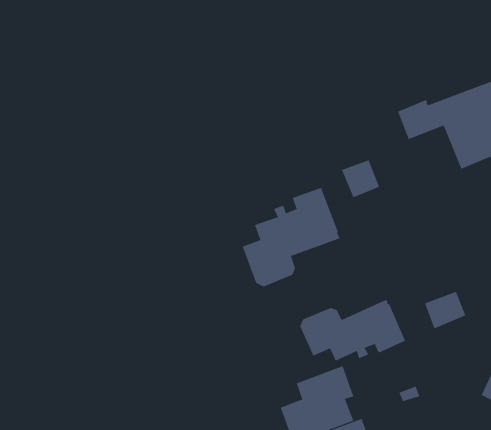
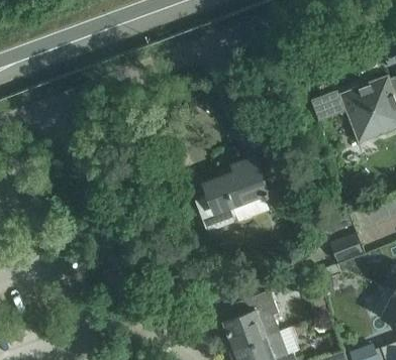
building: [341,160,380,198] -> none
building: [300,299,406,362] -> none

